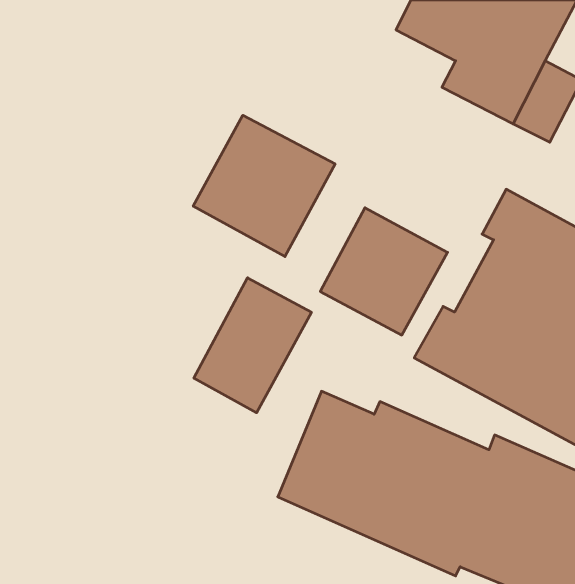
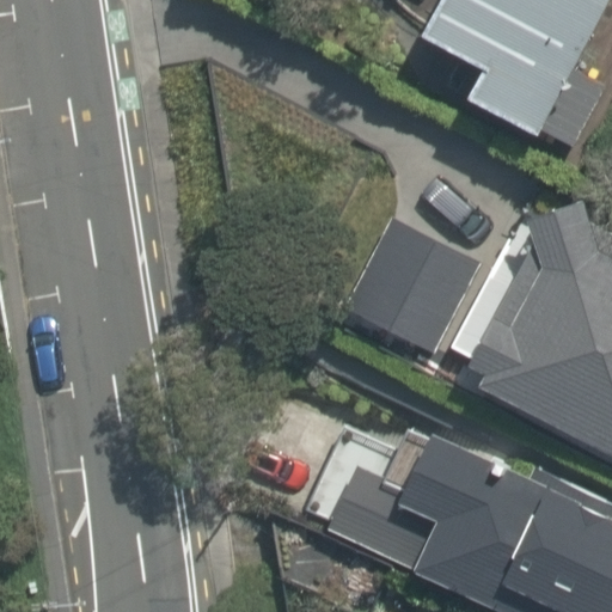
building: [193,115,335,257] -> none
building: [194,278,311,413] -> none

